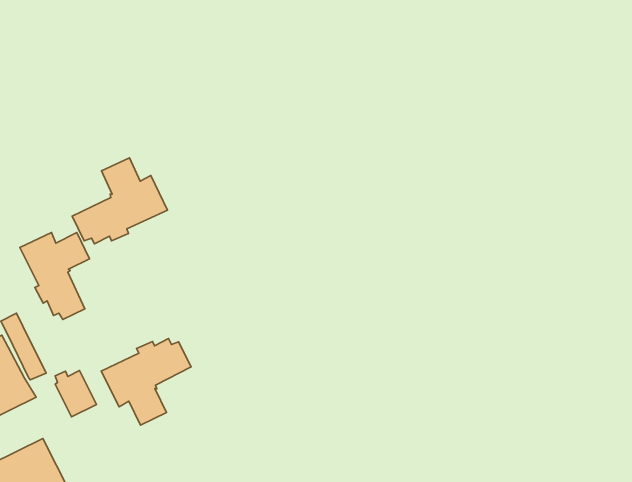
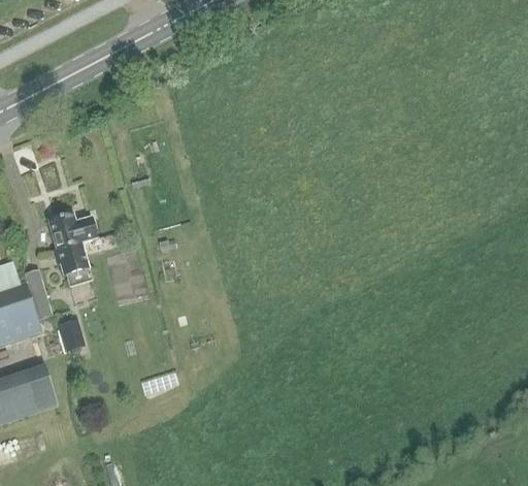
building: [72,158,167,244] -> none
building: [101,339,191,425] -> none

